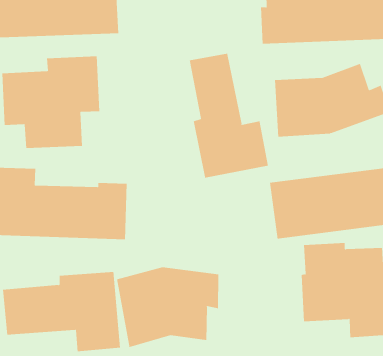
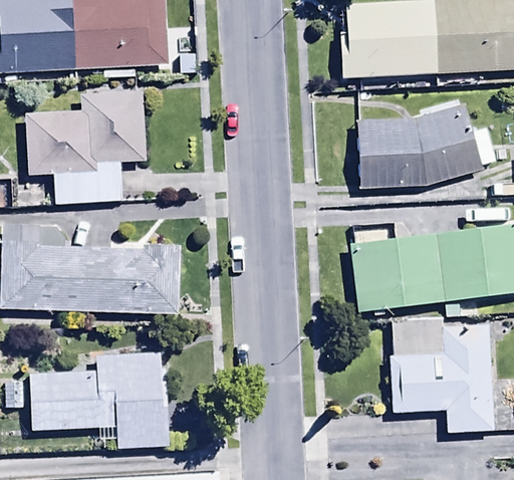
building: [189,53,268,179] -> none
building: [116,267,219,348] -> none

